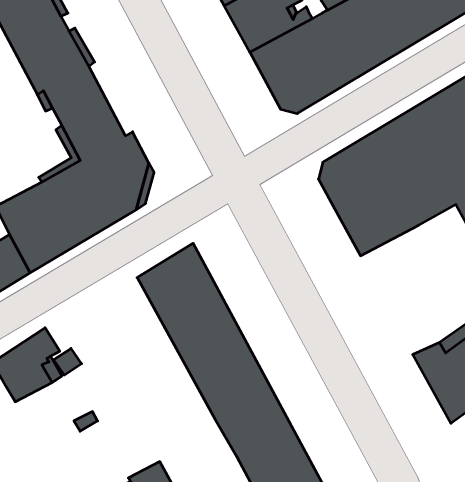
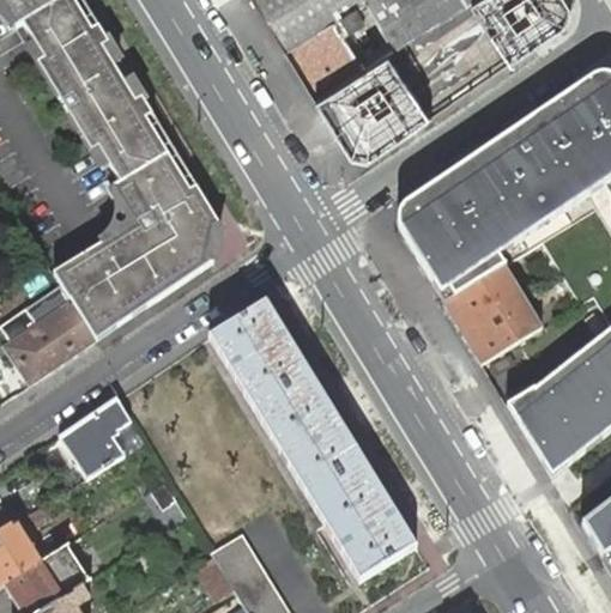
building: none -> [444,263,542,360]

